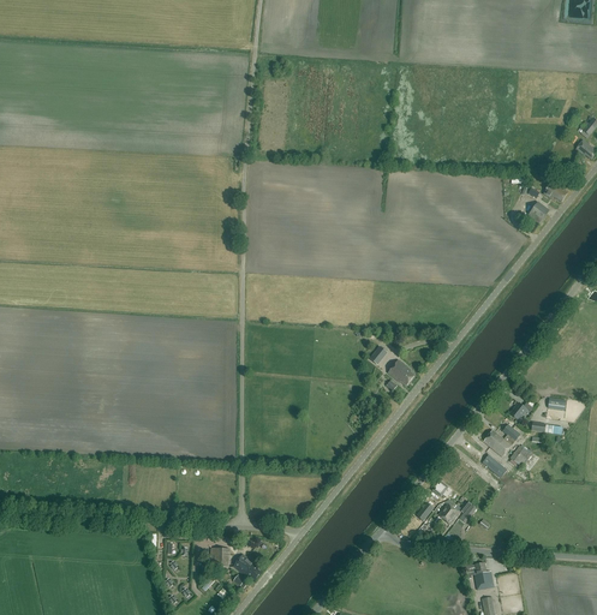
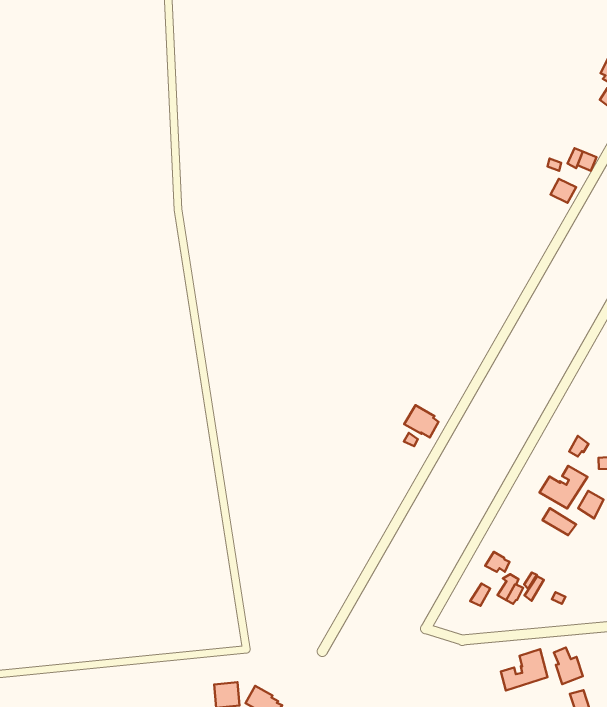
building: none -> [501,649,547,691]

